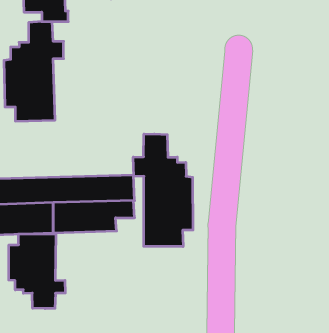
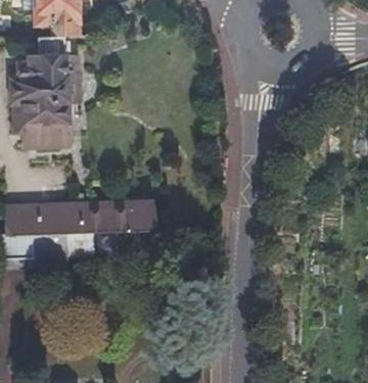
building: [133,134,193,247] -> none
building: [9,234,65,309] -> none

